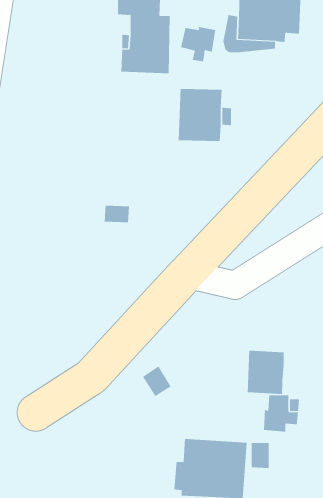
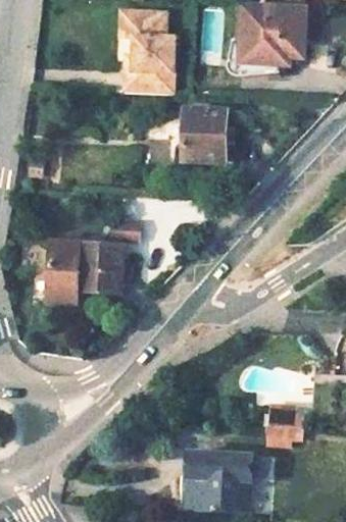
building: [180,26,216,62] -> none
building: none -> [52,242,120,302]
building: [247,350,284,395] -> none

